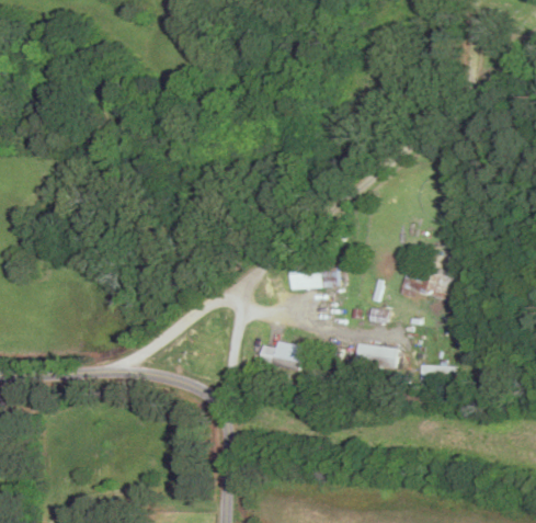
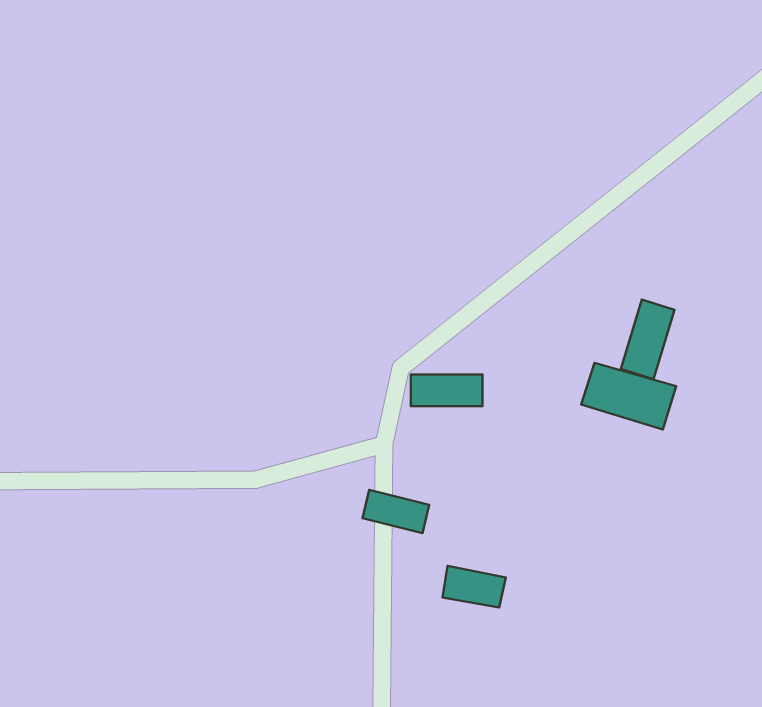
building: none -> [621,299,675,379]
building: [355,343,397,371] -> [443,566,506,608]

